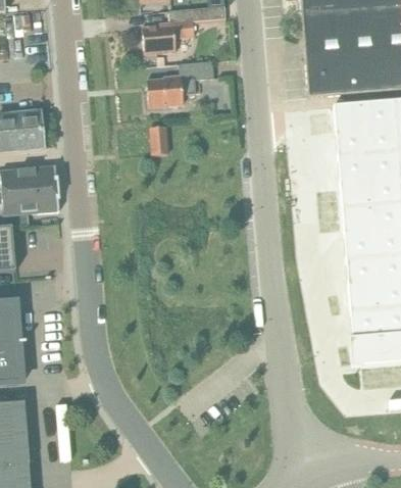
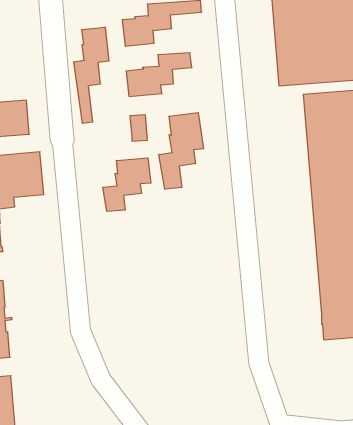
building: none -> [74,27,109,123]
building: none -> [159,113,203,189]
building: none -> [103,158,151,211]

